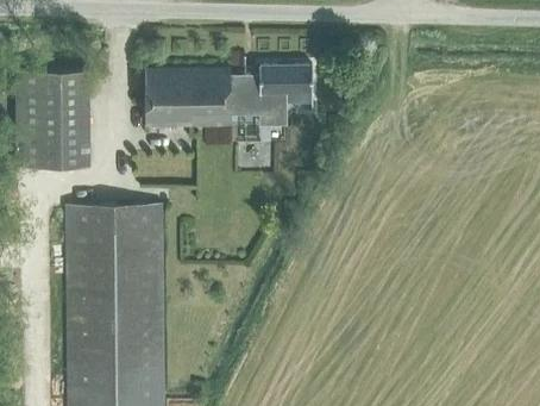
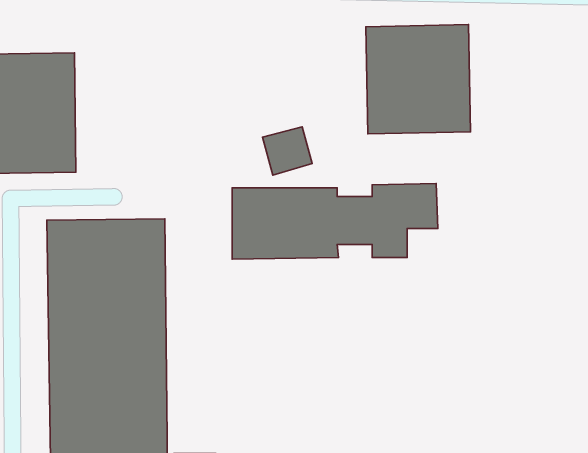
building: none -> [366,25,471,134]
building: [145,65,313,127] -> [232,183,438,259]

